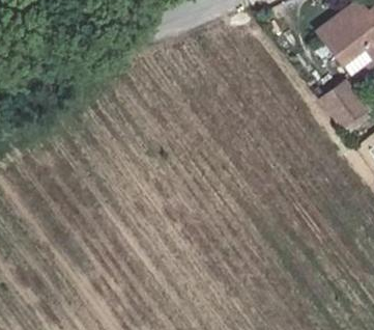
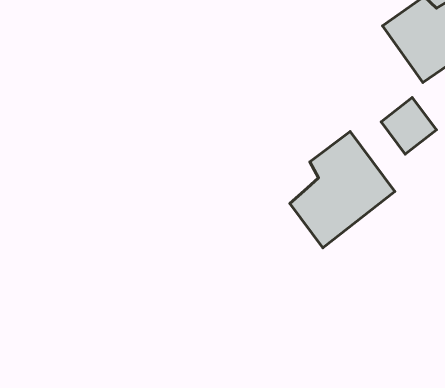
building: none -> [290,132,395,248]

